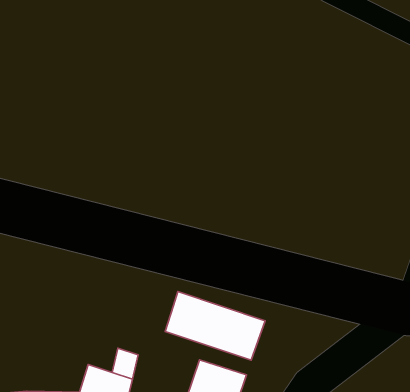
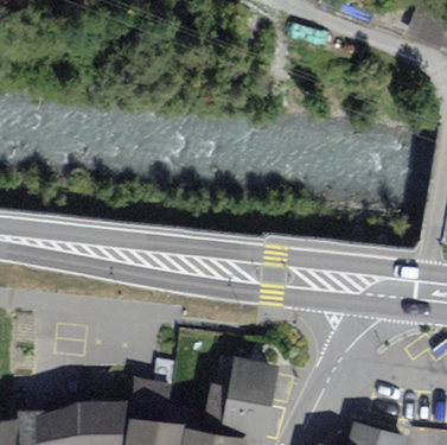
building: [165,291,265,360] -> none

